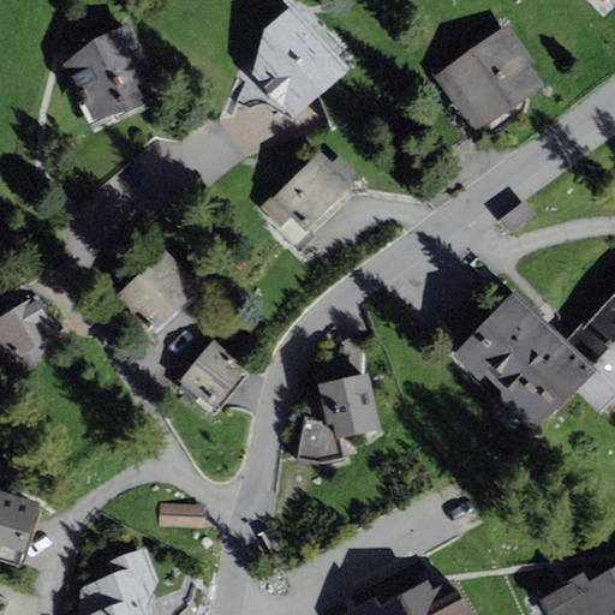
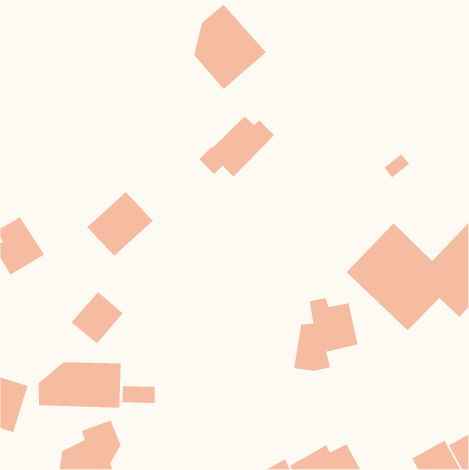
building: [62,22,163,119] -> none
building: [434,24,543,135] -> none
building: [178,340,247,410] -> [70,291,124,344]
building: [294,366,380,464] -> [293,297,358,372]
building: none -> [38,361,121,408]

